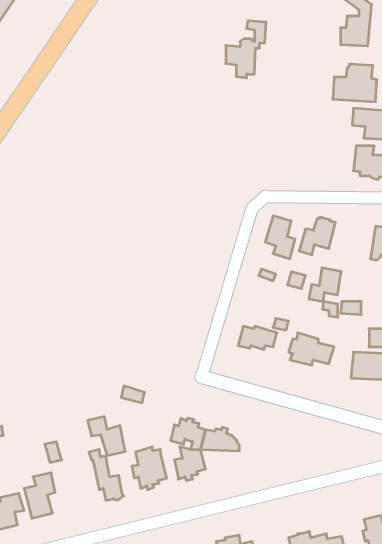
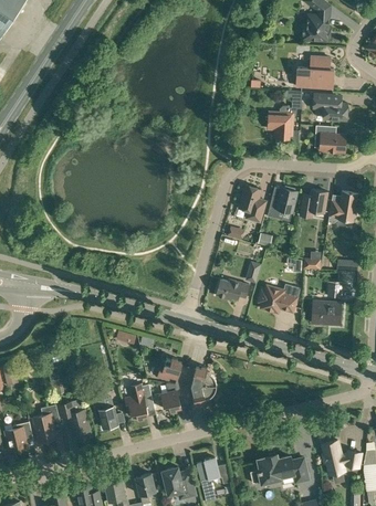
building: [226,21,266,78] -> [268,91,302,139]
building: [309,268,341,301] -> [300,189,327,218]
building: [88,417,125,455] -> [58,401,90,434]
building: none -> [184,384,217,403]

